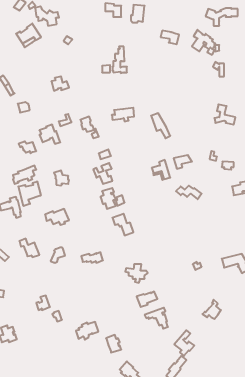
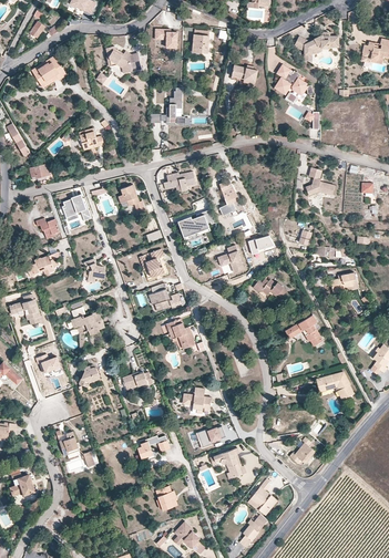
building: [35,6,59,26] -> [105,45,139,72]
building: none -> [178,208,216,234]
building: [18,181,41,206] -> none
building: none -> [285,314,323,344]
building: [76,322,98,340] -> [139,434,170,458]

